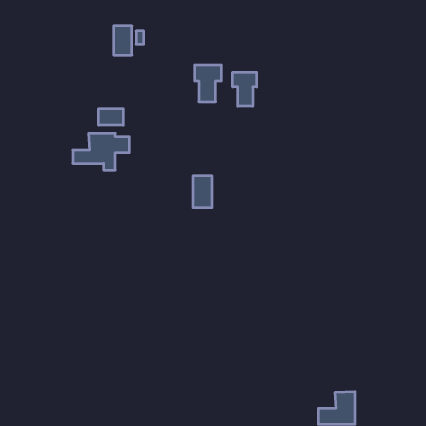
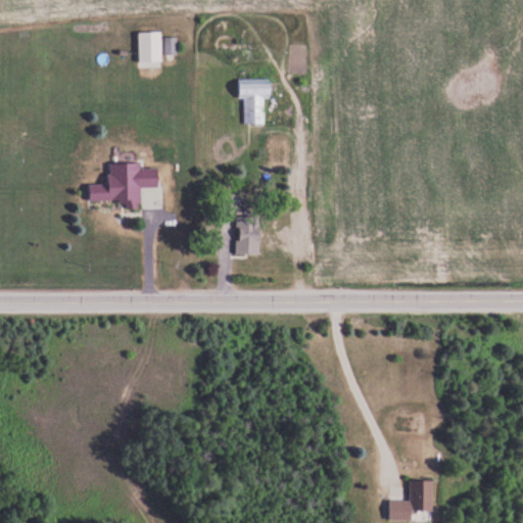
building: [233,72,257,106] -> none
building: [99,109,123,125] -> none

